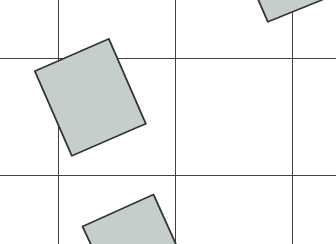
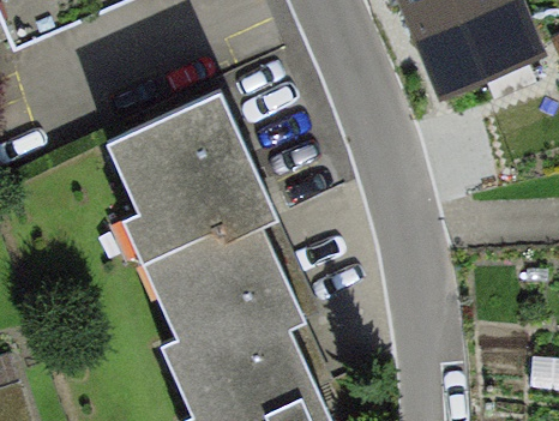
building: none -> [142,224,288,363]

